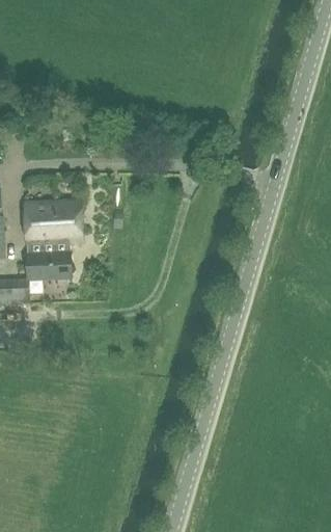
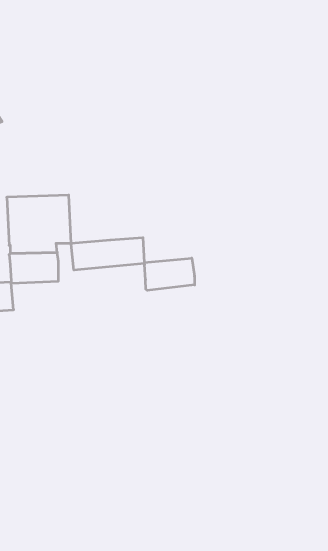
building: none -> [71,238,195,290]

